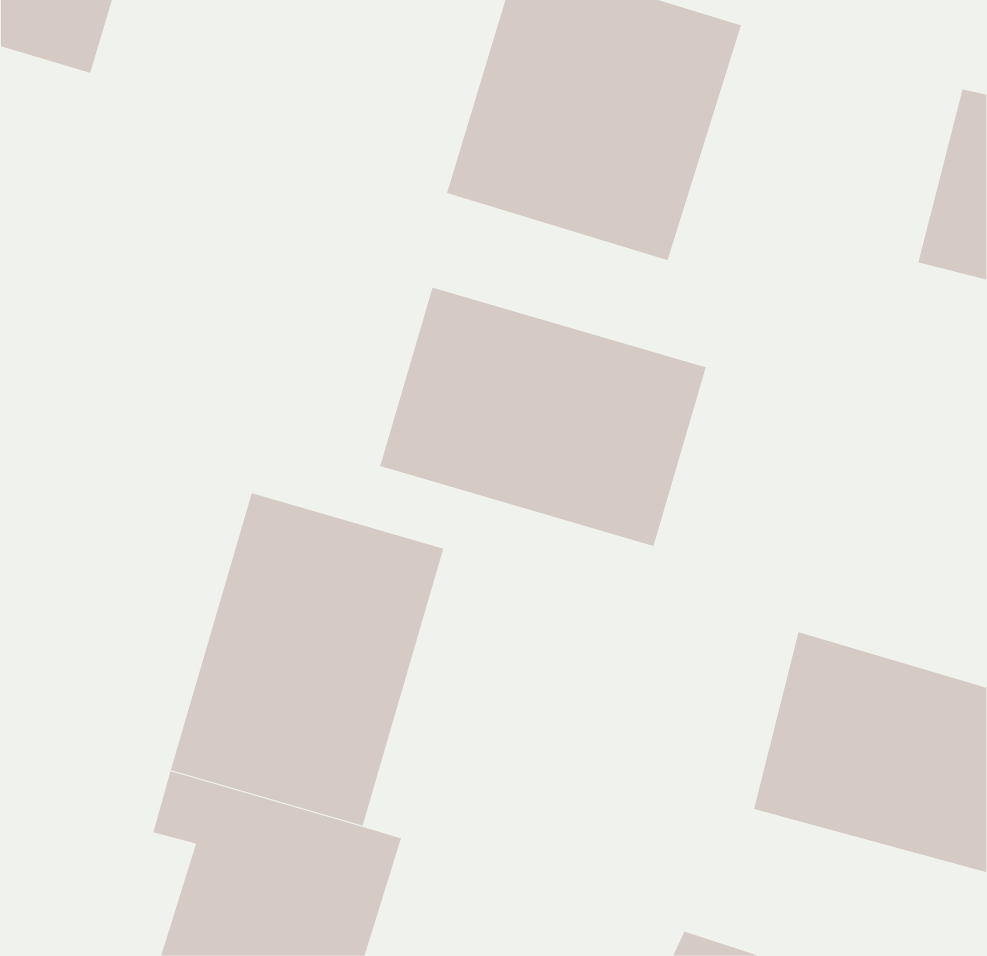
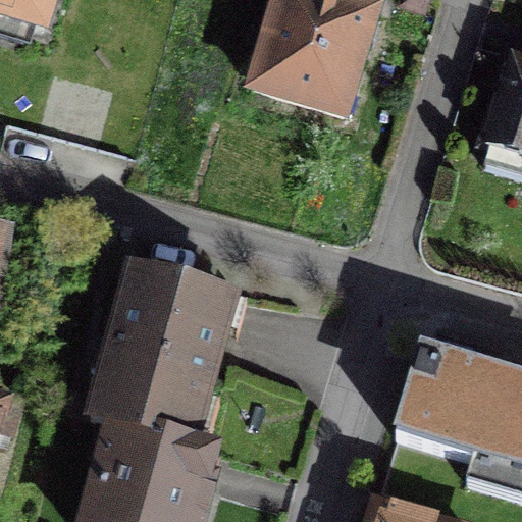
building: [379,287,707,547] -> none

